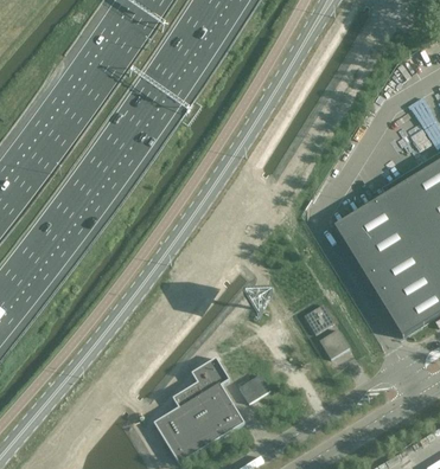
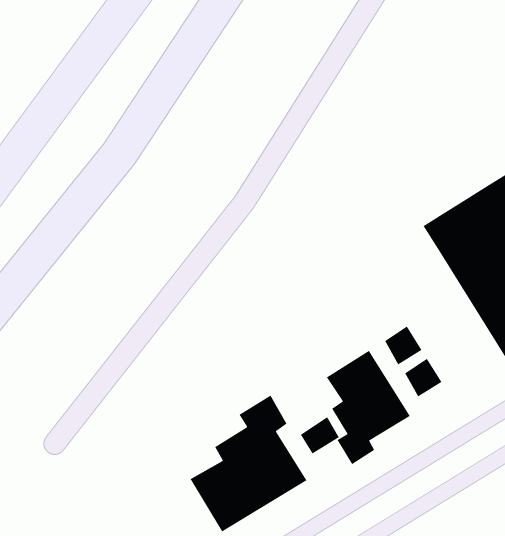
building: none -> [326,350,411,465]

